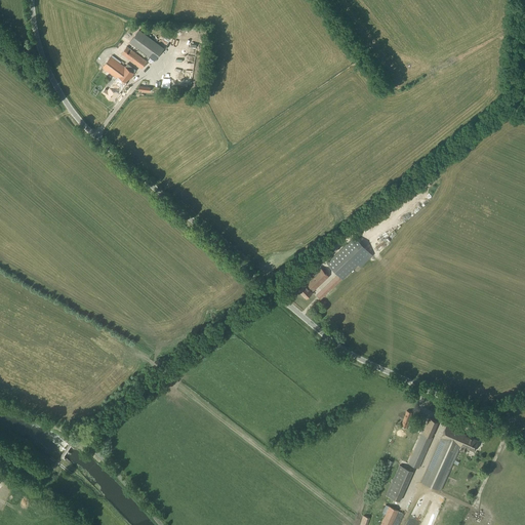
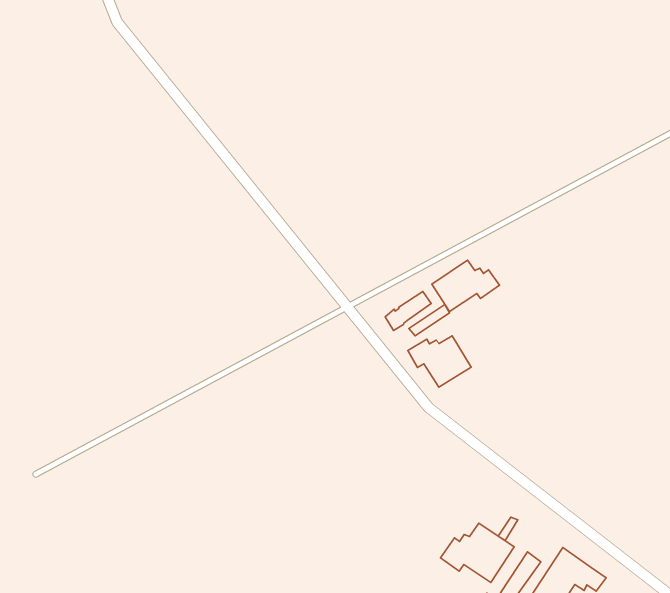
building: none -> [408,336,471,387]
building: none -> [440,523,514,582]

